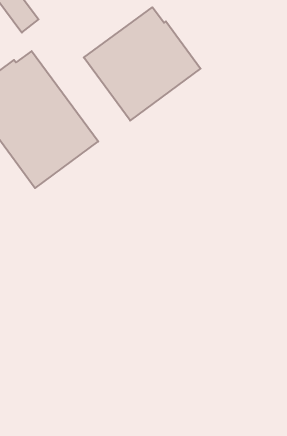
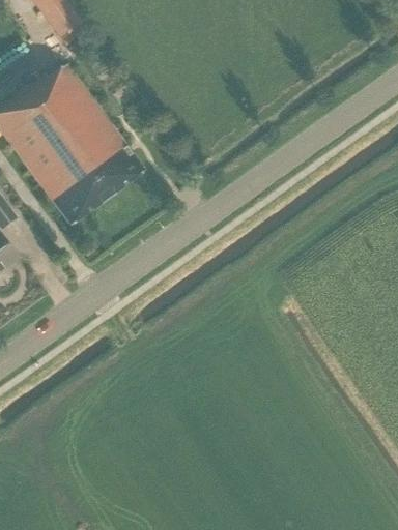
building: [84,7,201,121] -> none

